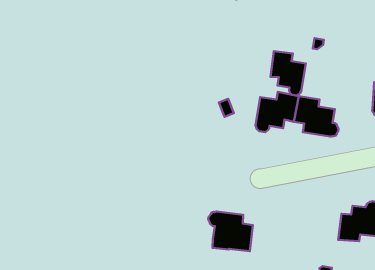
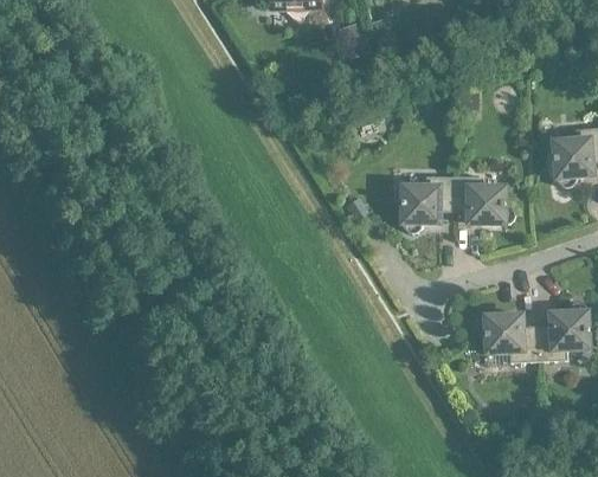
building: [271,51,306,96] -> none
building: [208,212,253,251] -> [475,312,538,363]

